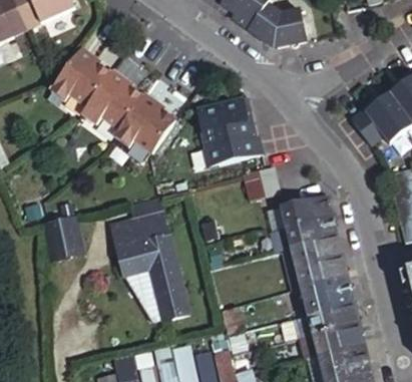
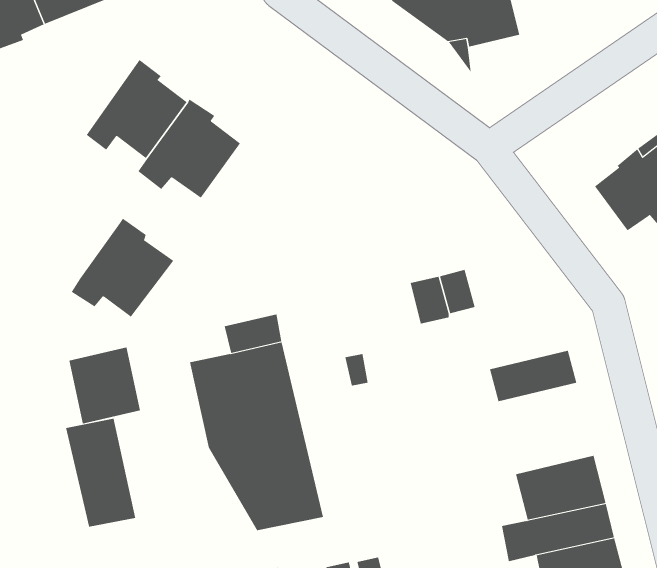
building: [115,95,175,153] -> [71,218,174,318]
building: [196,99,264,167] -> none
building: [266,196,334,233] -> none
building: [293,238,349,291] -> none
building: none -> [65,418,136,528]

